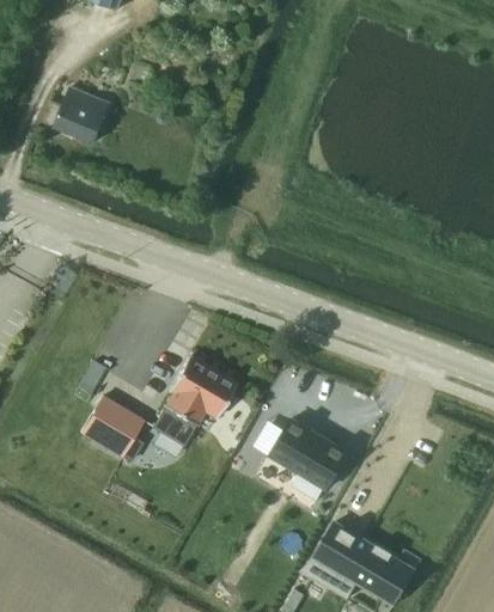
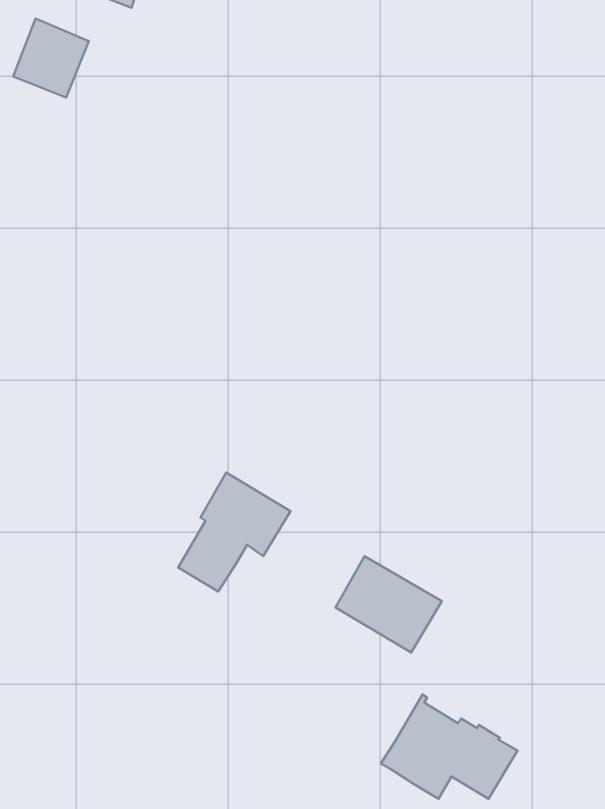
building: [56,86,112,145] -> [13,19,89,97]
building: [81,397,145,458] -> none

